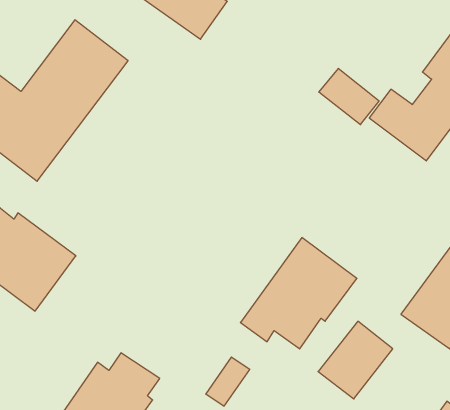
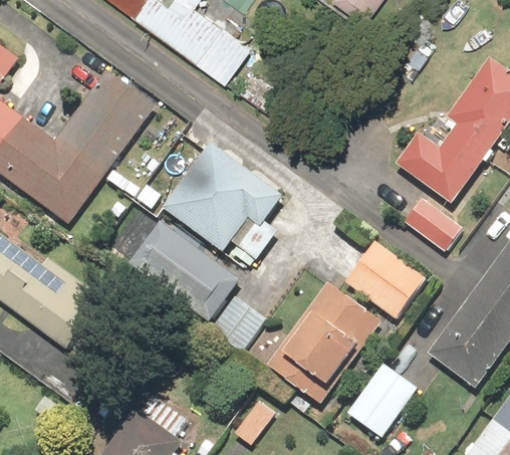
building: [319,68,379,125] -> [403,196,462,251]
building: none -> [163,141,284,259]
building: none -> [112,218,267,353]
building: none -> [344,237,428,318]

